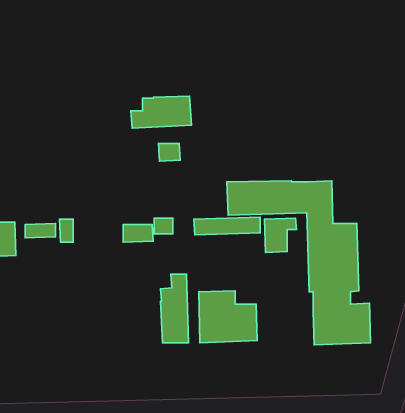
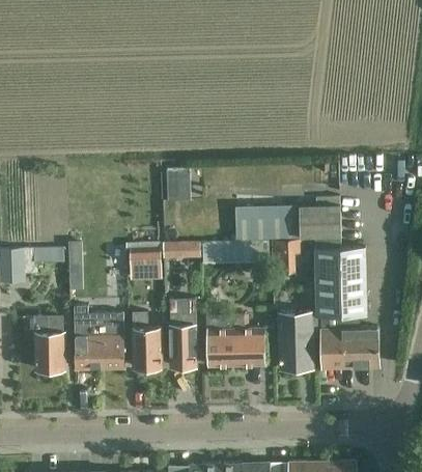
building: [131,96,191,128] -> none
building: none -> [74,307,123,370]
building: none -> [278,313,320,370]
building: none -> [133,314,162,369]
building: none -> [34,317,64,370]

